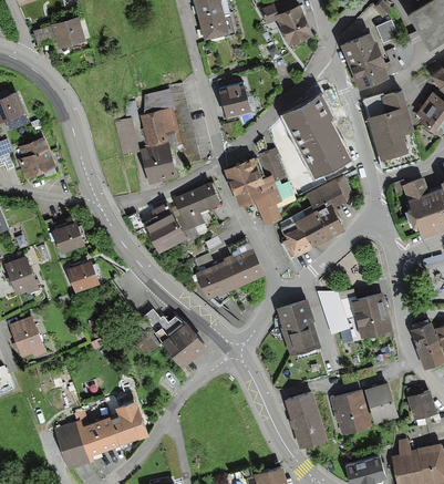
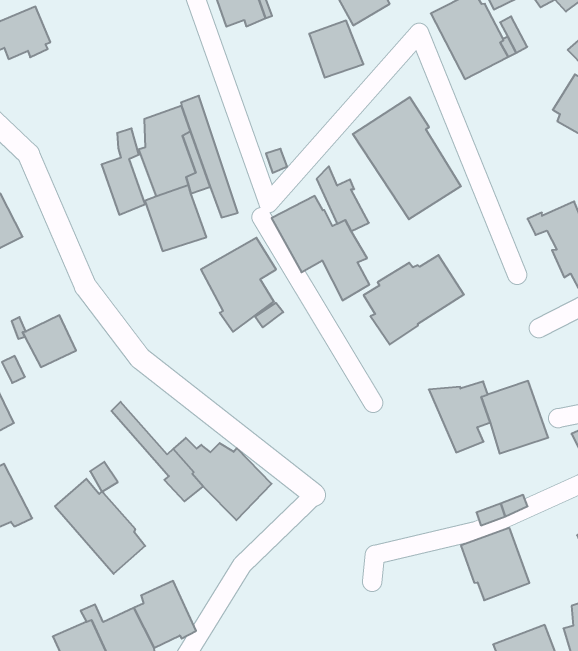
building: [218,82,252,119] -> [309,21,364,78]
building: [362,89,422,171] -> none
building: [306,175,354,209] -> none
building: [127,202,190,253] -> none
building: [192,239,265,301] -> none
building: [65,262,100,296] -> none
building: [276,300,320,359] -> none
building: none -> [55,479,145,574]
building: [363,381,397,423] -> none
building: [283,390,328,447] -> none

